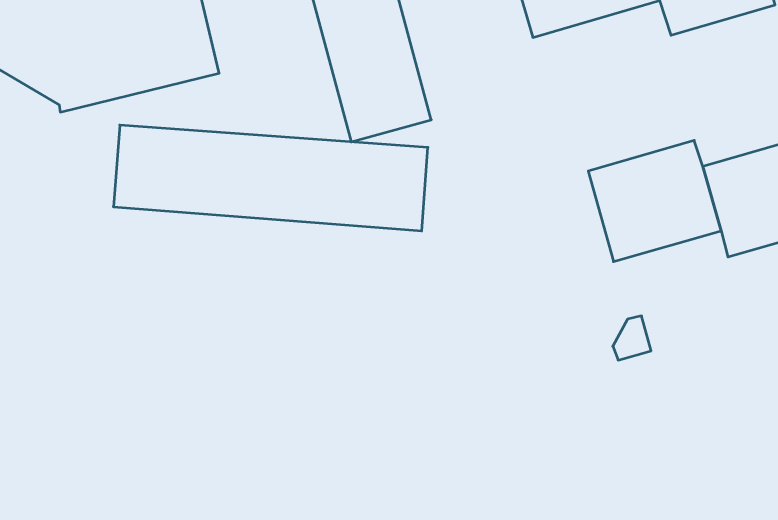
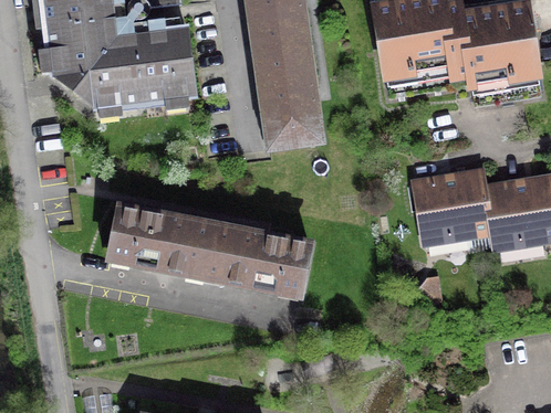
building: [113,125,428,231] -> [110,206,308,294]

